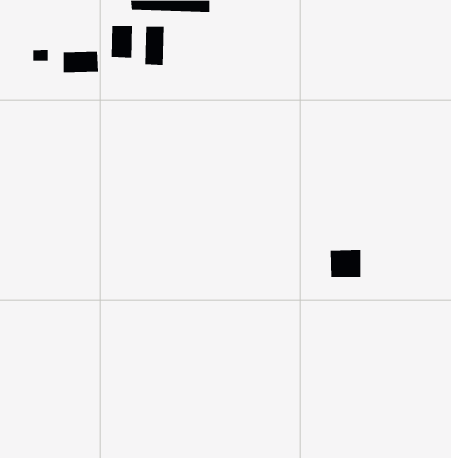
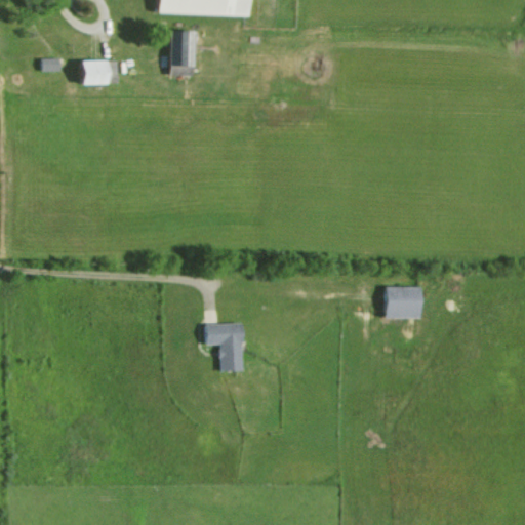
building: [111,25,133,58] -> none
building: none -> [204,322,241,371]

